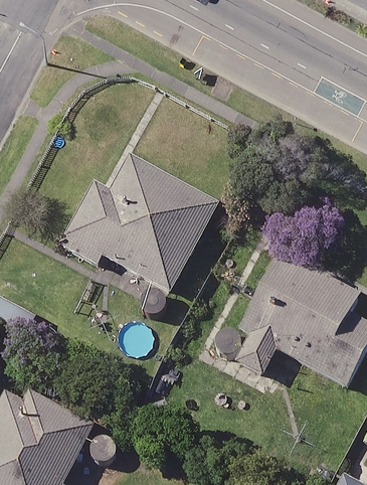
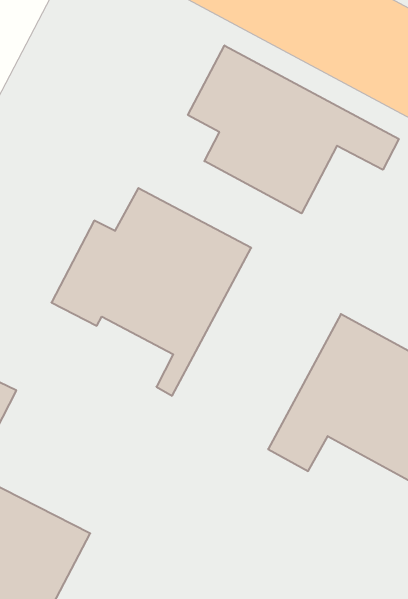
building: none -> [188,45,399,213]

